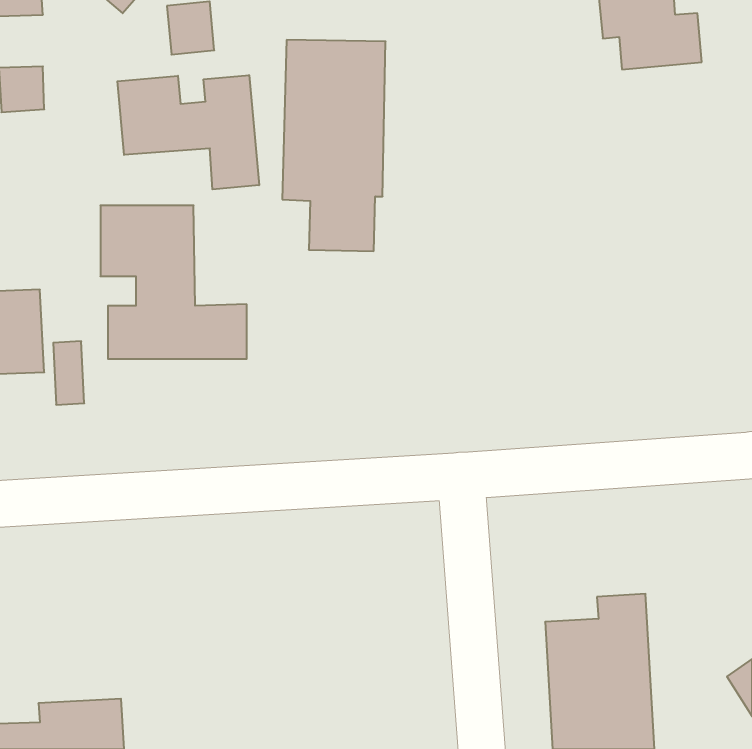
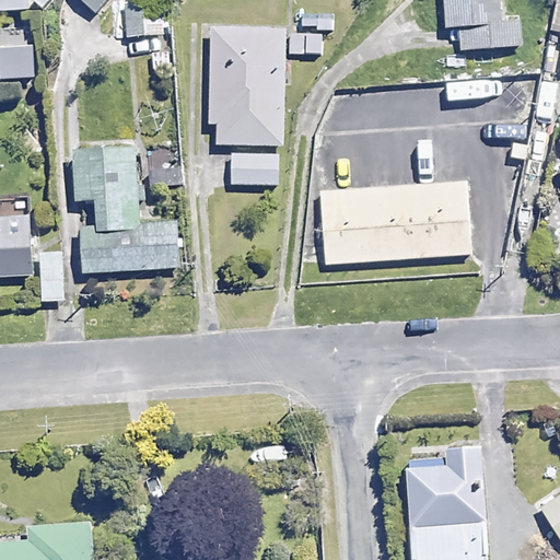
building: [117,75,259,189] -> none
building: none -> [318,182,472,266]

